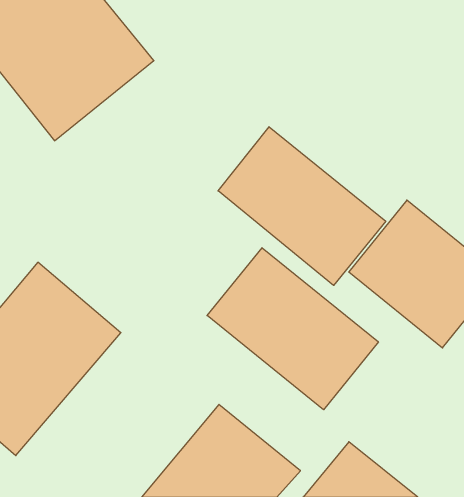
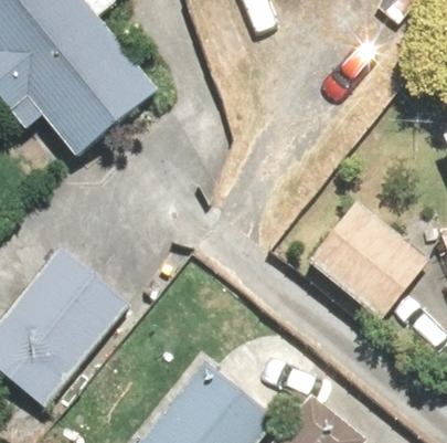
building: [218,127,386,285] -> none
building: [207,248,378,410] -> none

